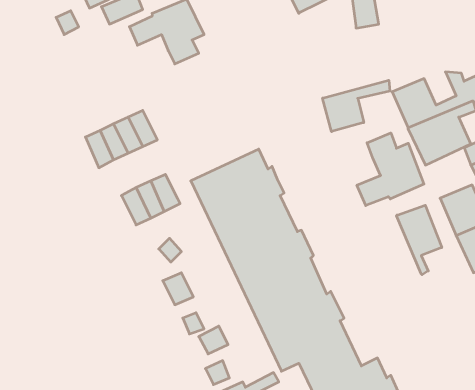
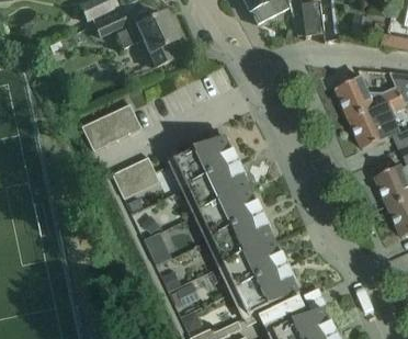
building: [323,80,390,132] -> none
building: [357,133,424,206] -> none
building: [396,205,442,275] -> none

